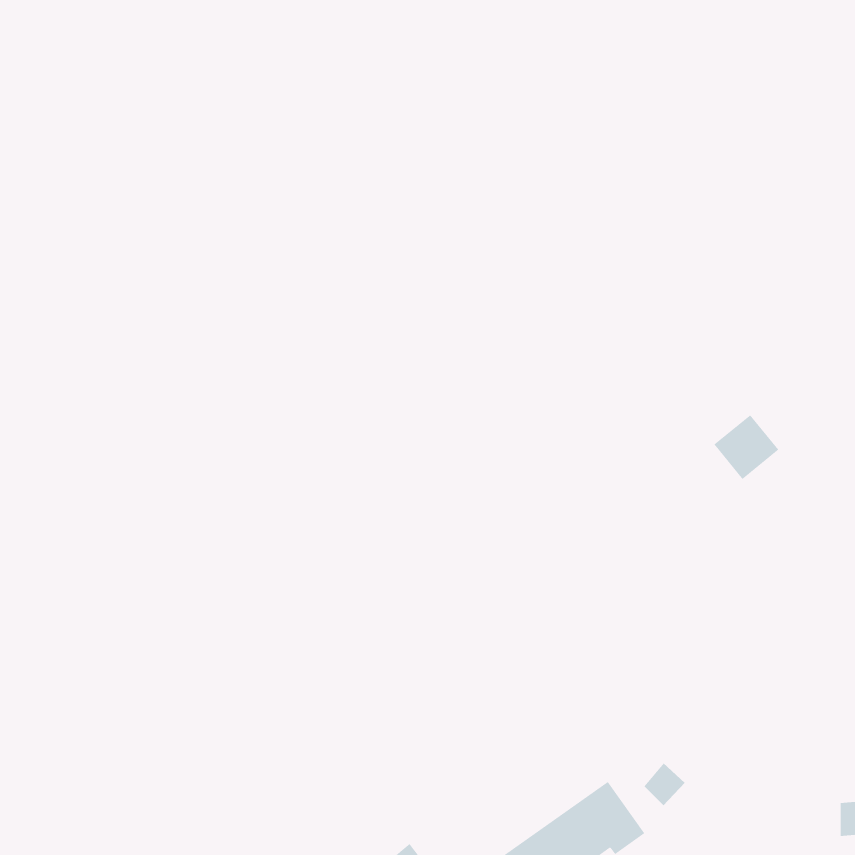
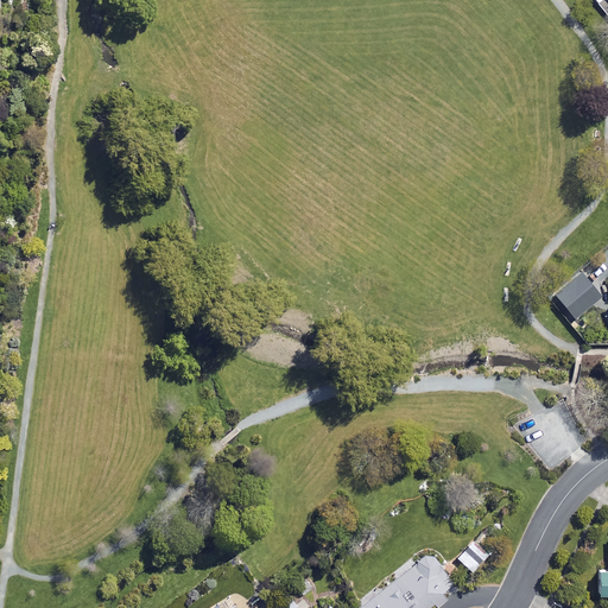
building: [714,414,779,480] -> [555,273,601,319]

